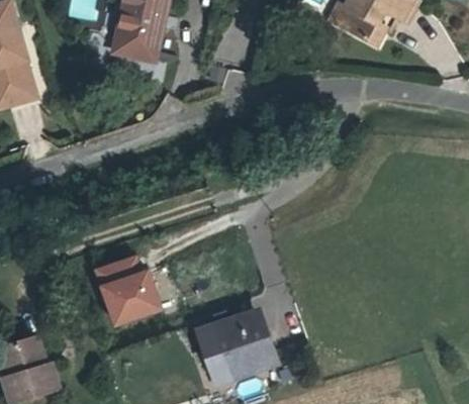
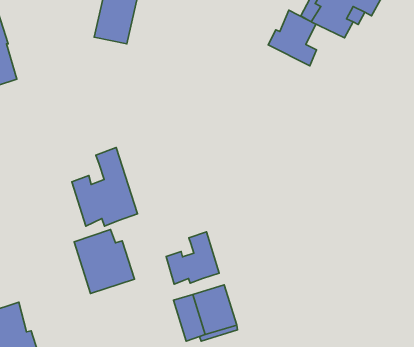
building: none -> [268,10,317,66]
building: none -> [72,148,138,226]
building: none -> [166,232,219,284]

